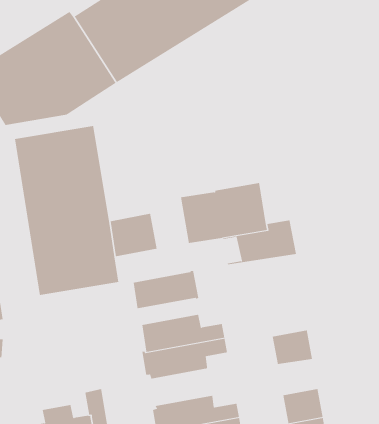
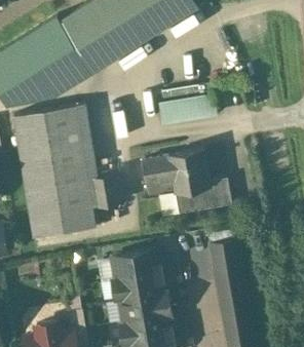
building: none -> [161,94,219,122]
building: [133,270,199,309] -> [119,293,170,322]
building: none -> [208,241,240,269]
building: none -> [217,286,249,314]

